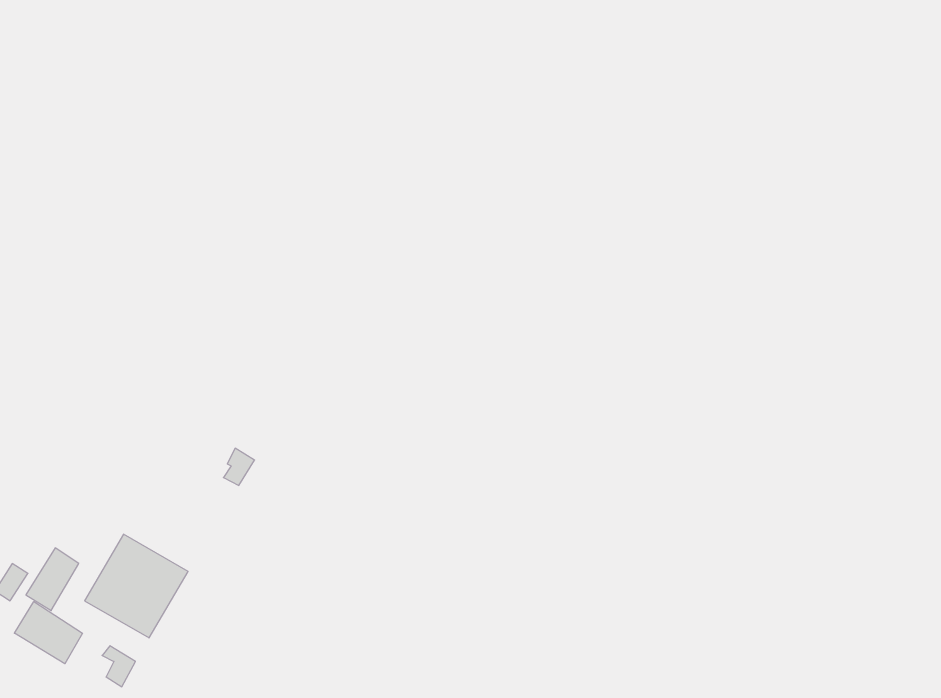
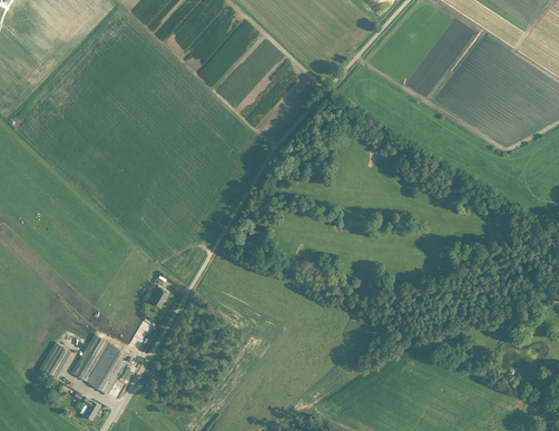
building: [14,602,82,664] -> none

